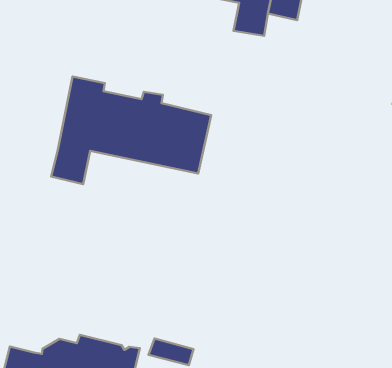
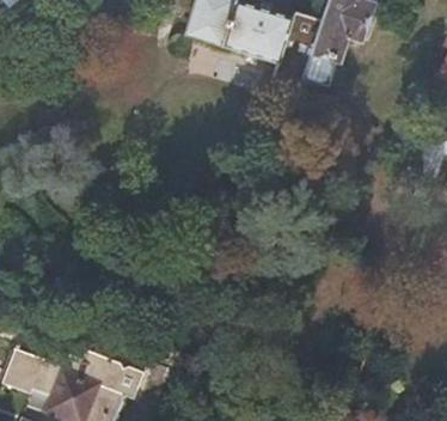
building: [51,77,211,184] -> none

